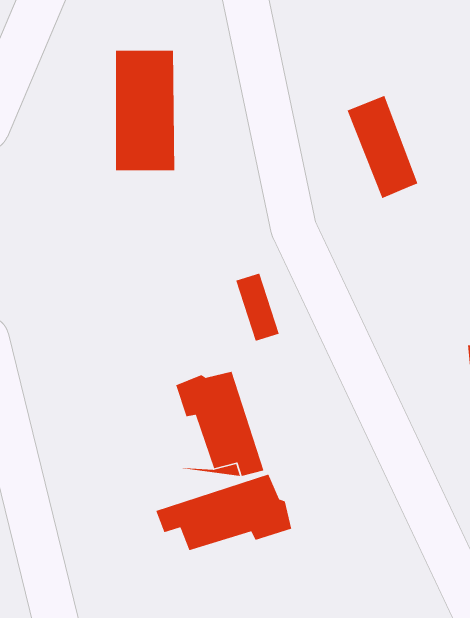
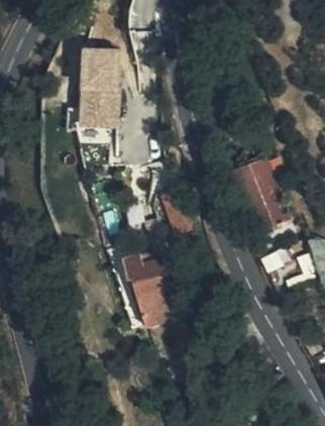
building: [346,95,419,199] -> [232,162,280,230]
building: [155,474,292,551] -> none

